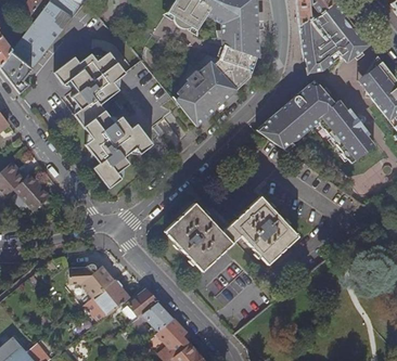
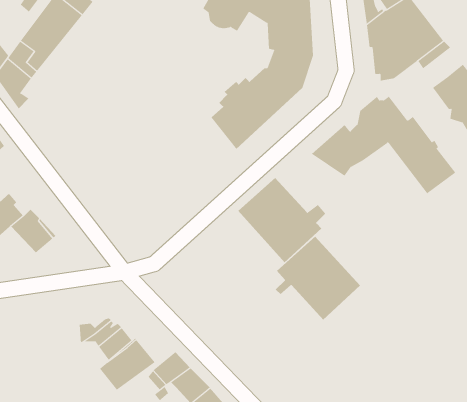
building: [54,51,151,186] -> none
building: [163,202,234,271] -> [238,177,326,263]

